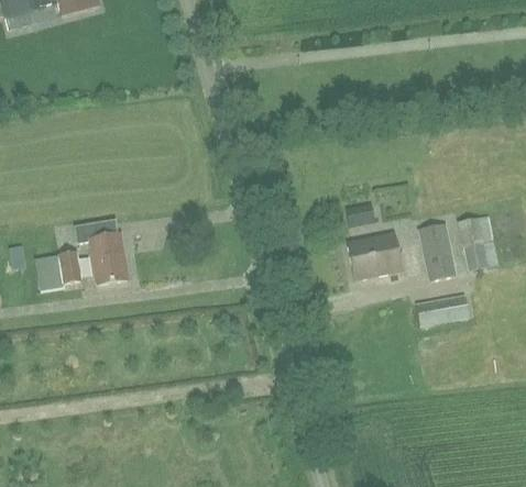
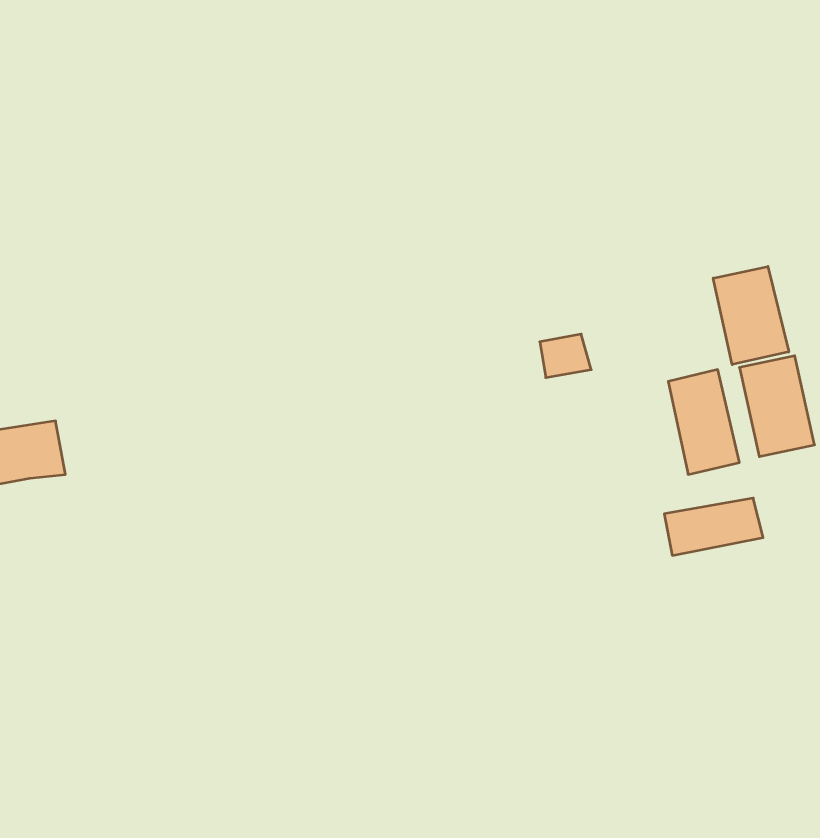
building: none -> [713,266,789,365]
building: [75,222,127,284] -> none
building: [347,232,402,279] -> none

